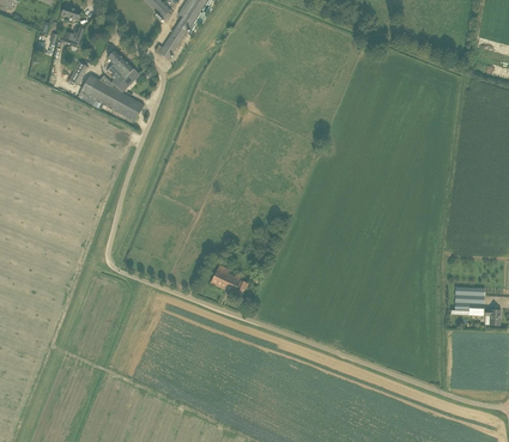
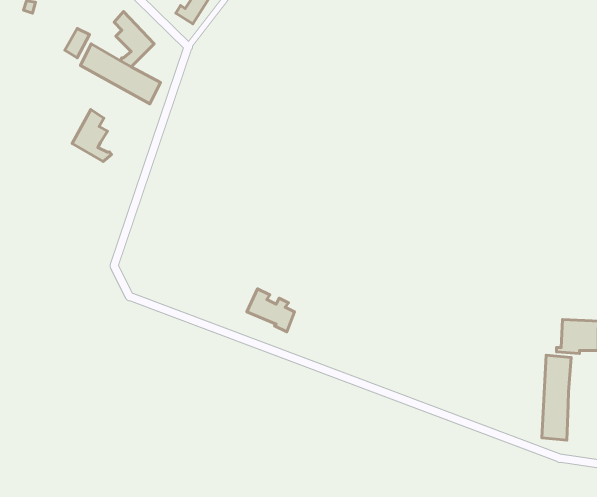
building: none -> [72,110,112,162]
building: none -> [542,355,571,440]

